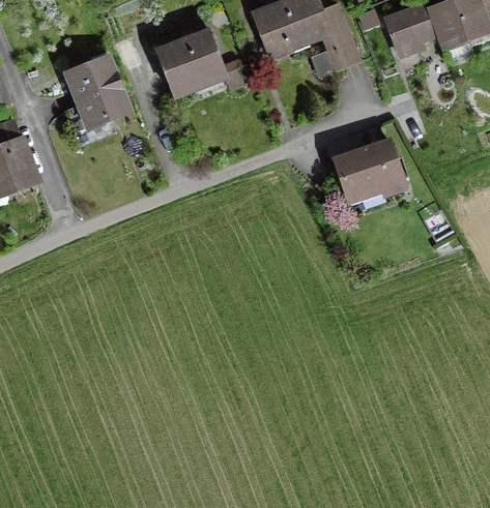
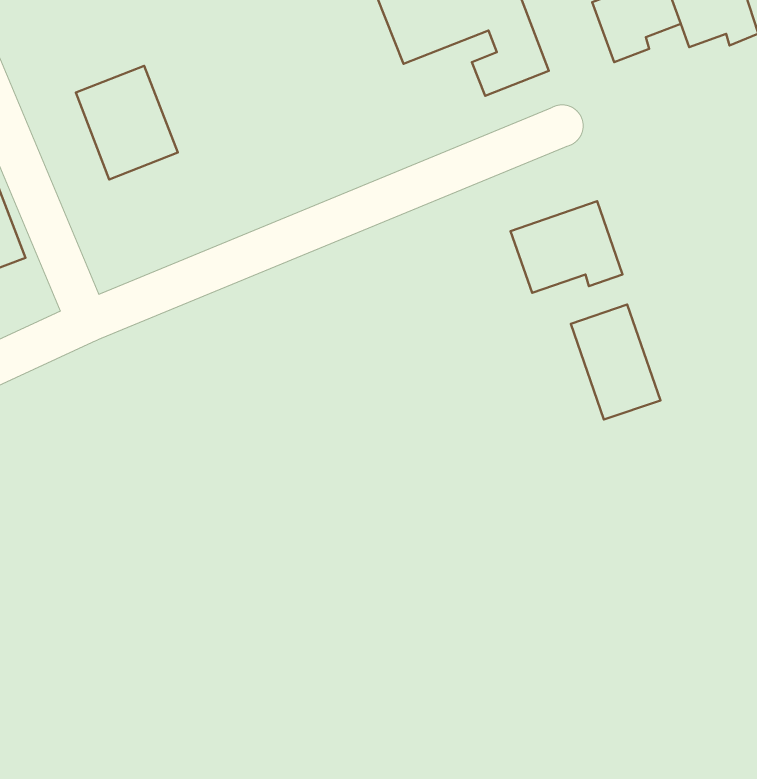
building: [156,31,246,93] -> none
building: none -> [571,305,660,420]

